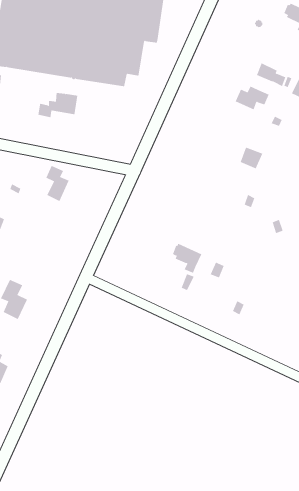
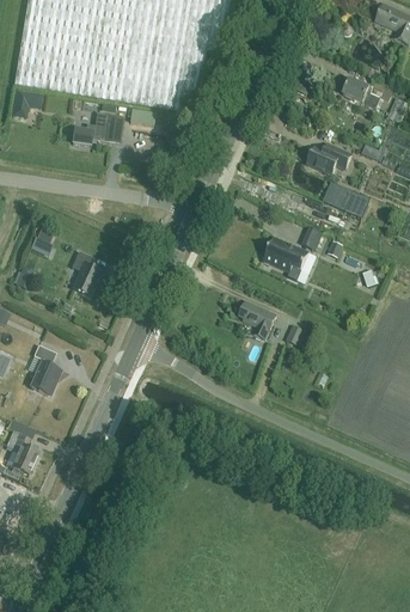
building: [235,86,270,110] -> [307,145,350,175]
building: [45,165,70,202] -> [71,251,100,296]
building: none -> [262,237,308,280]

